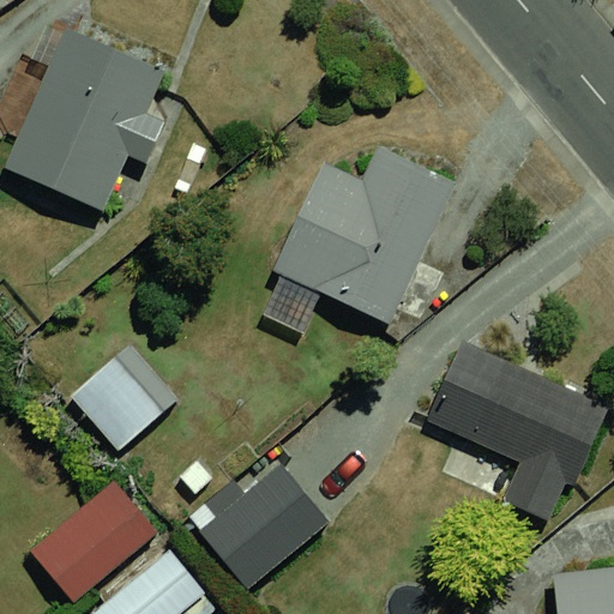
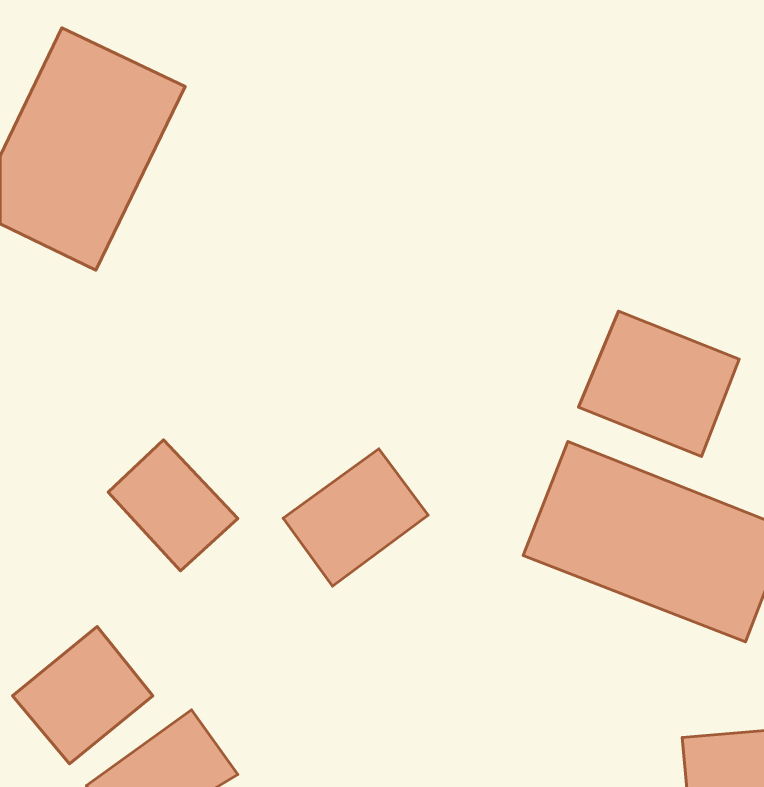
building: [272,157,456,332] -> none
building: none -> [578,311,739,456]
building: [197,466,309,573] -> [283,449,428,586]

